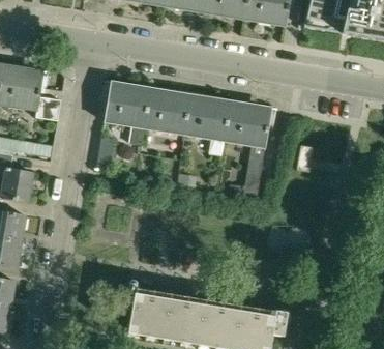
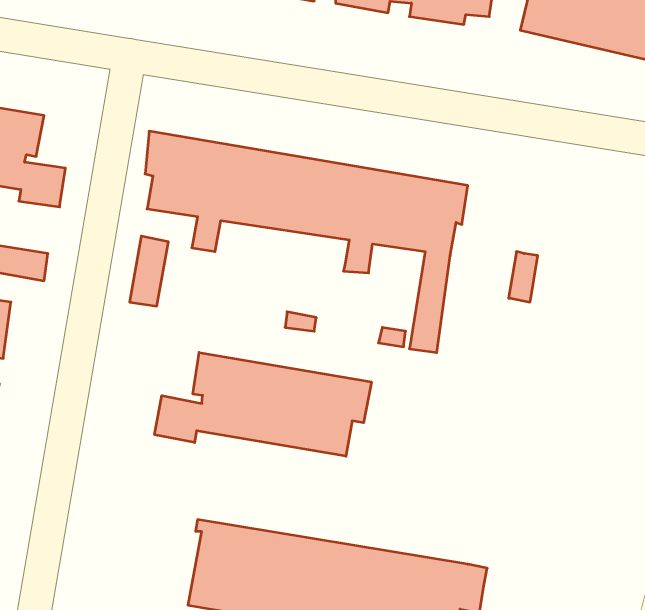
building: none -> [155,352,371,456]

